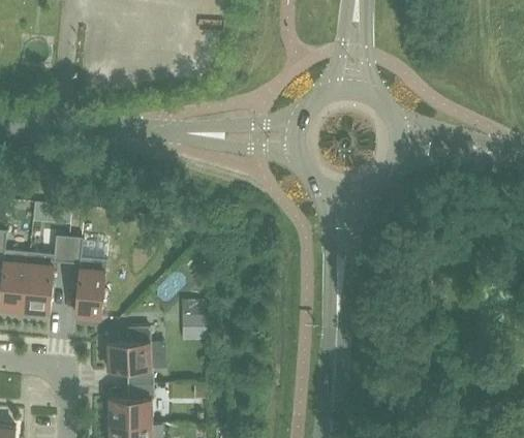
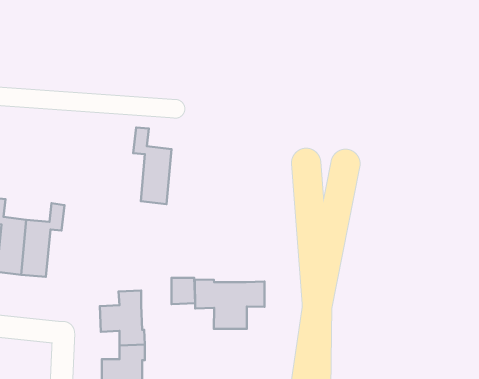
building: [66,236,106,316] -> [133,128,171,204]
building: none -> [195,280,265,329]

